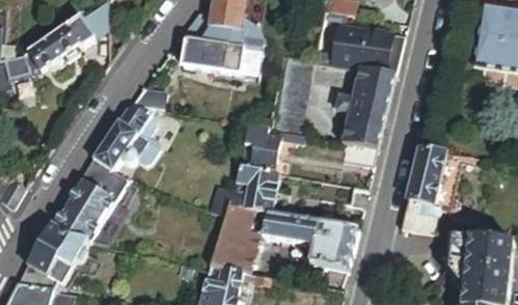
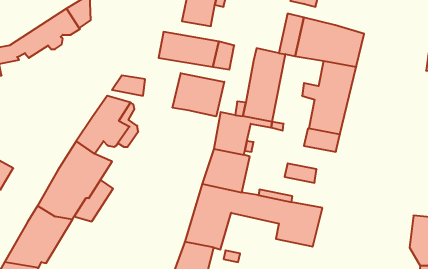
building: none -> [173,73,224,116]
building: [400,149,458,232] -> none

